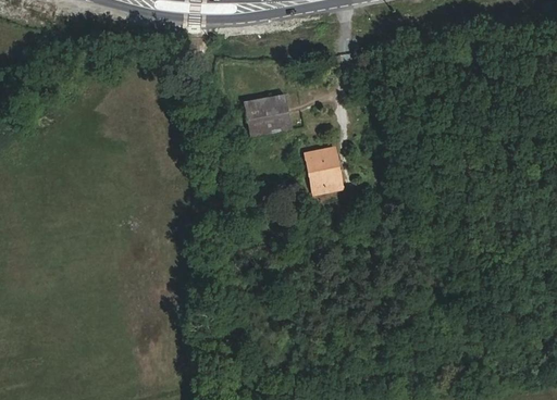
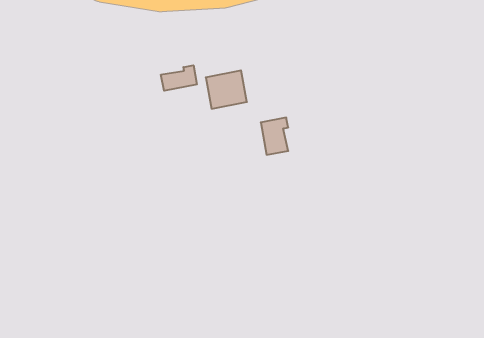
building: none -> [161,65,197,91]

